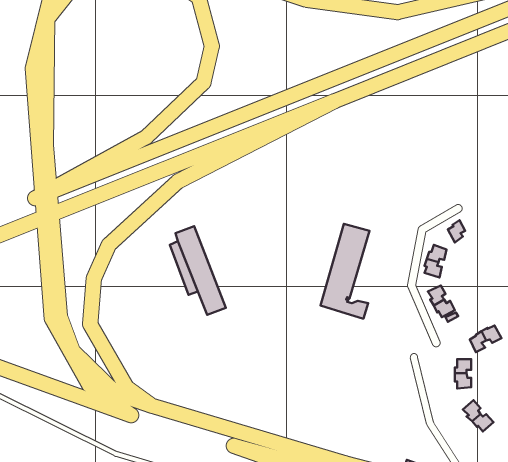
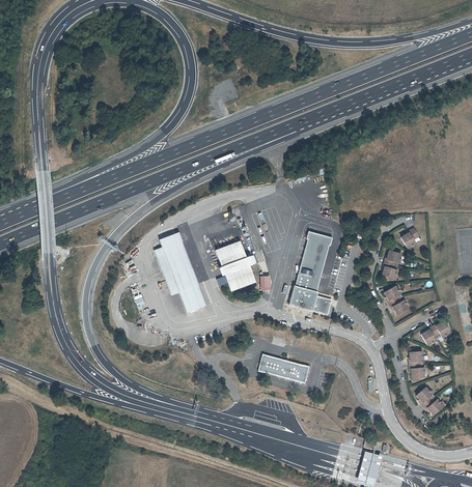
building: none -> [217,241,255,290]
building: none -> [259,354,309,383]

